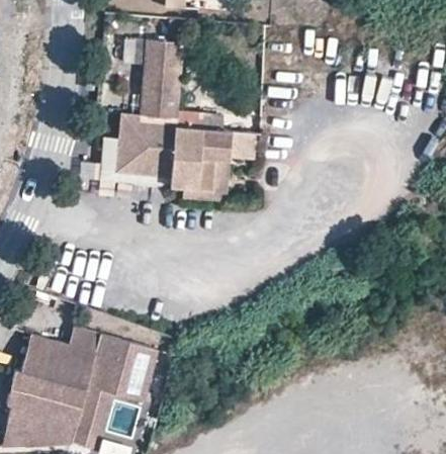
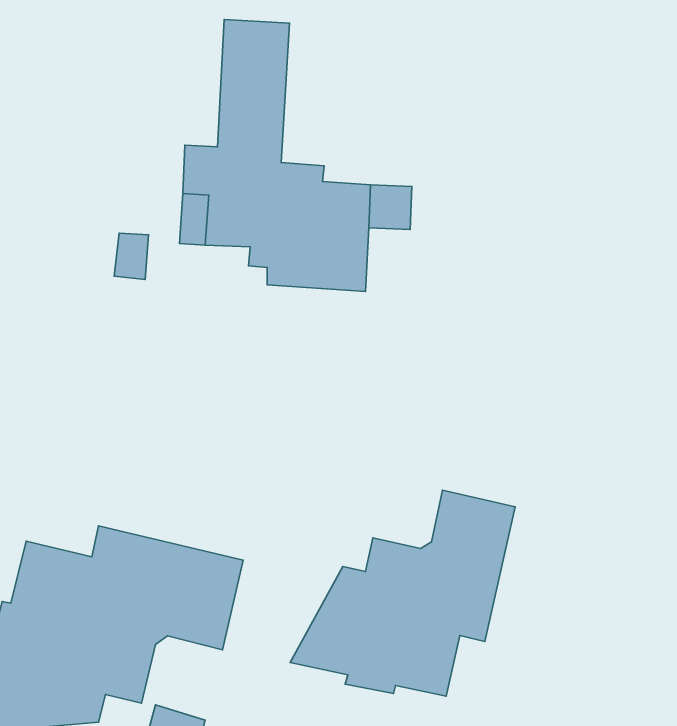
building: none -> [290,490,515,696]

